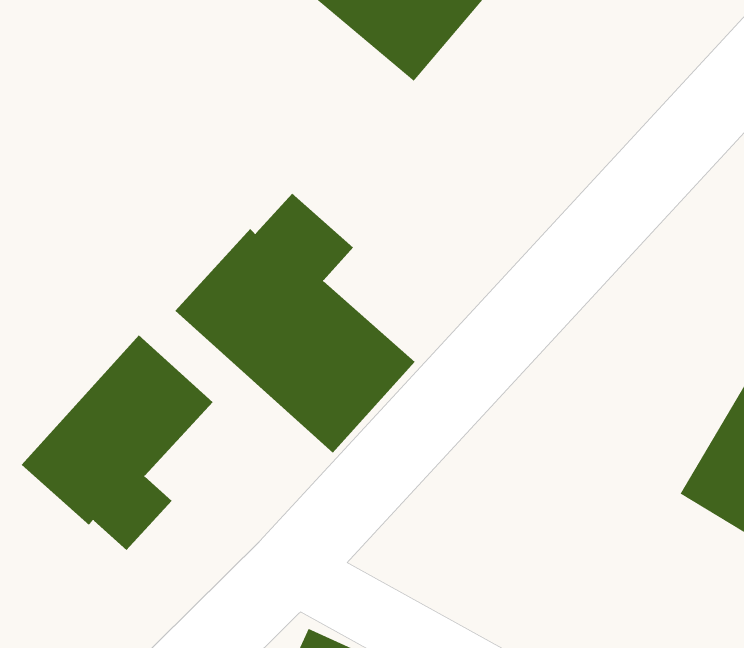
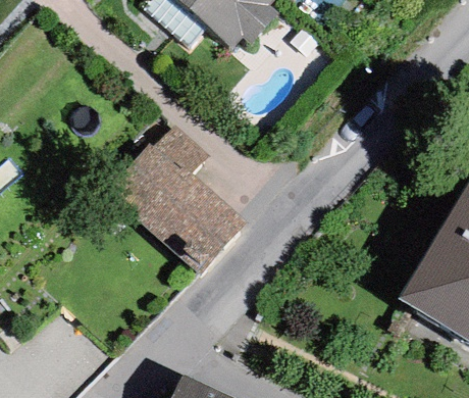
building: [21,335,214,551] -> none

